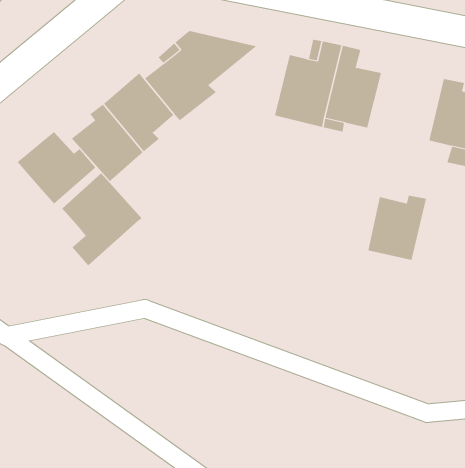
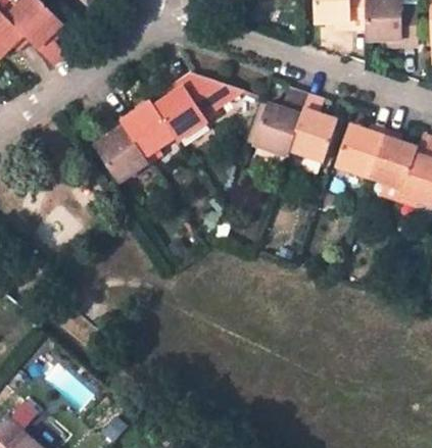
building: [17,131,96,205] -> none
building: [61,173,143,266] -> none
building: [368,195,427,260] -> [335,123,385,176]

